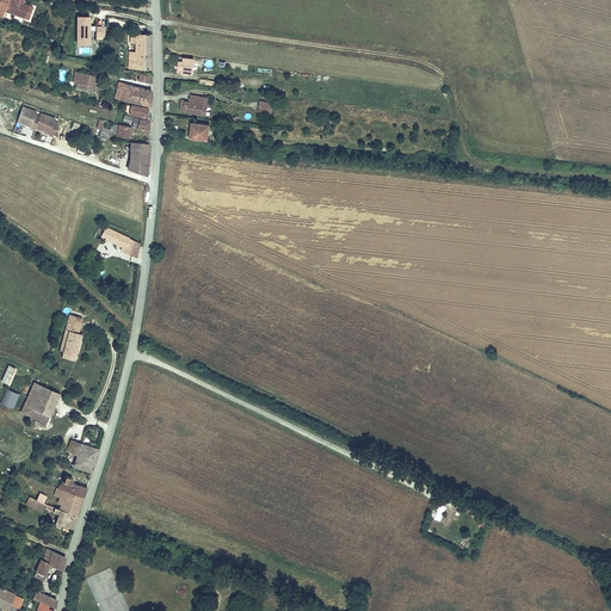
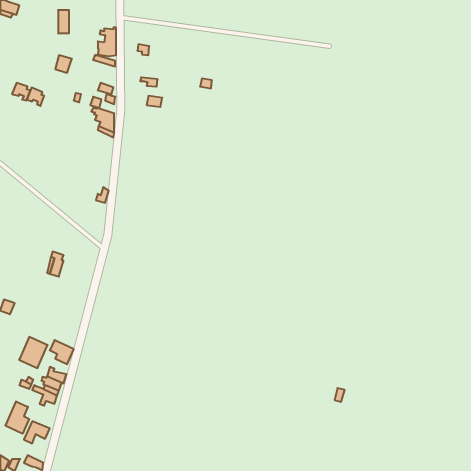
building: [117,84,149,111] -> none
building: [21,382,58,422] -> [19,337,48,368]
building: none -> [6,401,29,434]

